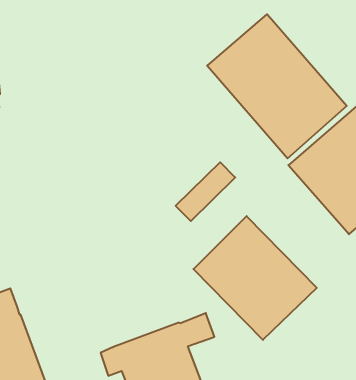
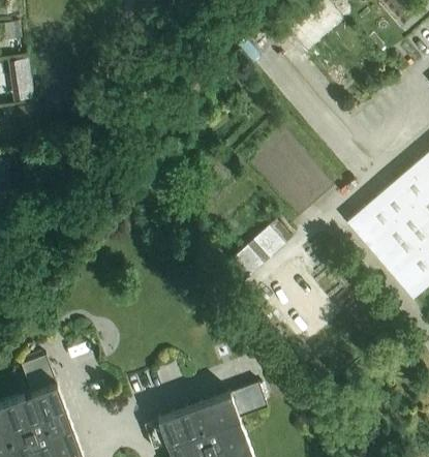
building: [207,14,347,158] -> none
building: [193,216,317,340] -> none

